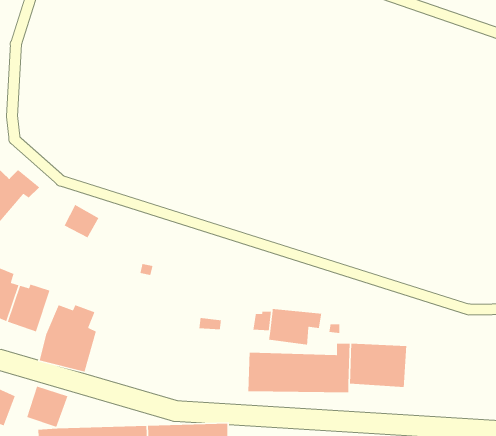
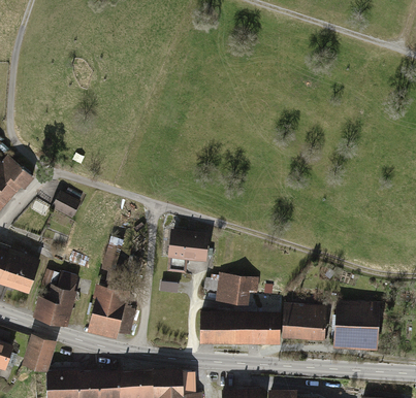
building: none -> [168,230,209,273]
building: none -> [89,286,137,340]
building: none -> [333,301,380,350]

